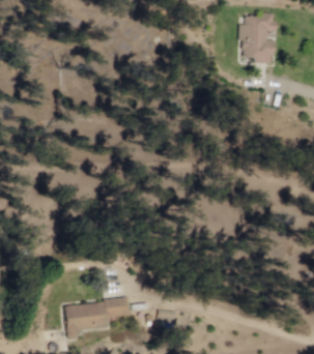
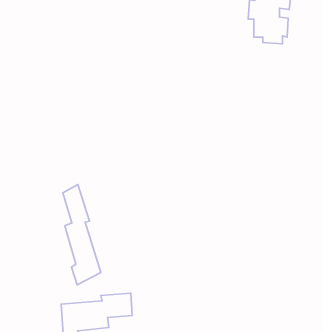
building: none -> [63,184,101,285]

